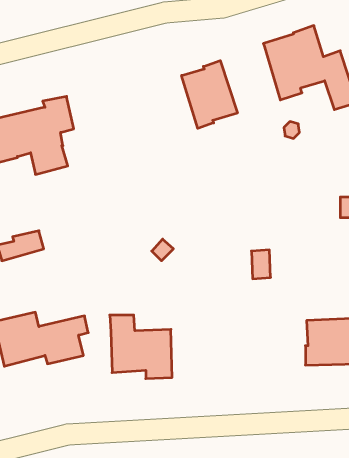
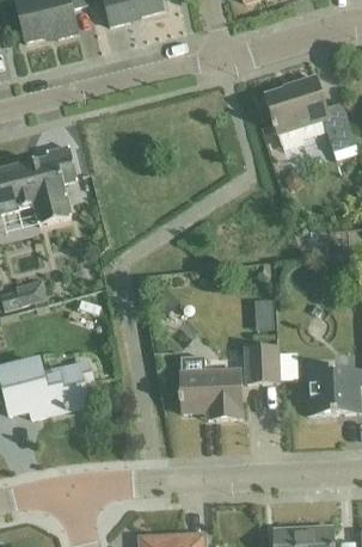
building: [182,61,237,128] -> none
building: none -> [245,345,278,382]
building: [110,315,172,379] -> [179,355,241,418]

